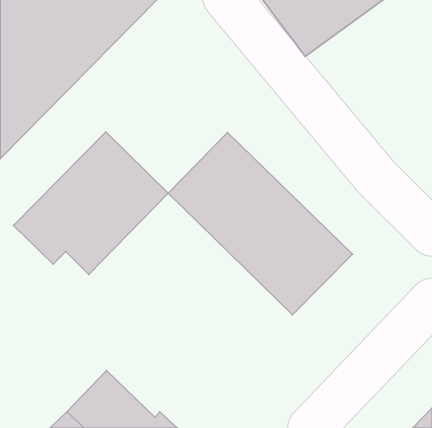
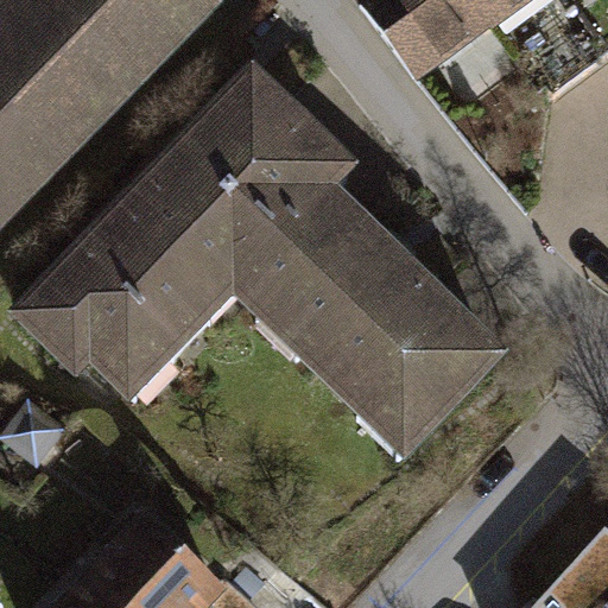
building: none -> [148,78,342,272]

